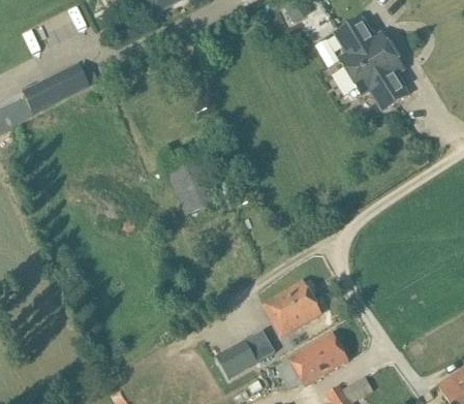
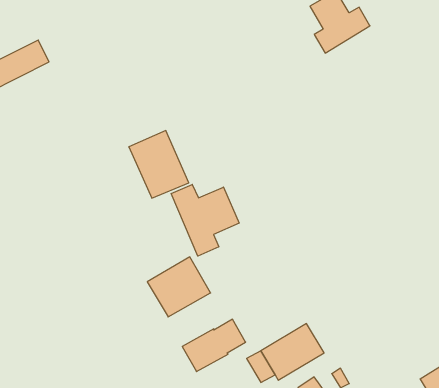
building: [350,51,408,110] -> none
building: none -> [171,184,239,256]
building: [264,280,323,337] -> [147,257,211,317]

